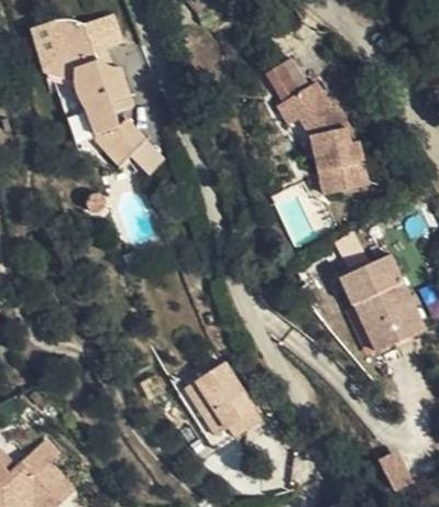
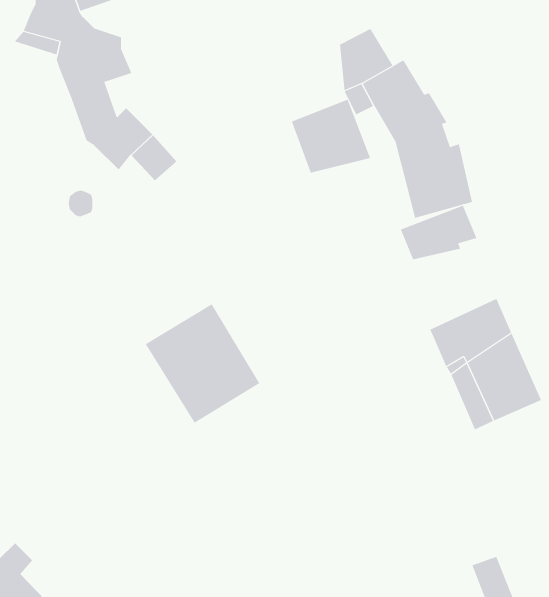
building: none -> [291,99,371,174]
building: none -> [400,205,477,260]
building: [173,357,257,445] -> [145,304,260,424]

